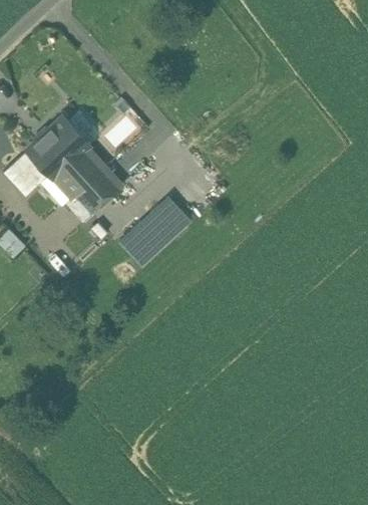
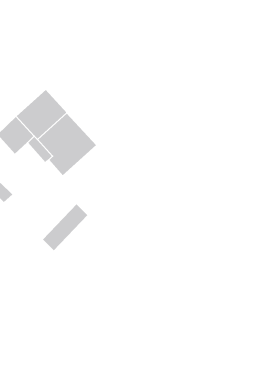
building: [126,201,181,258] -> [42,203,88,251]

